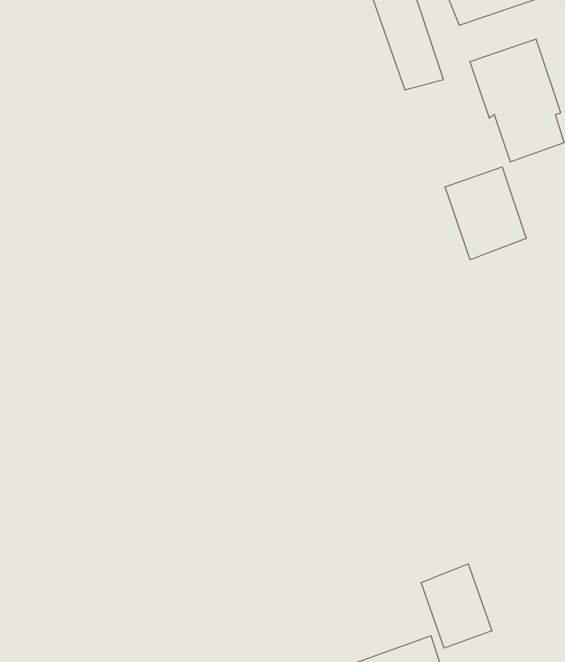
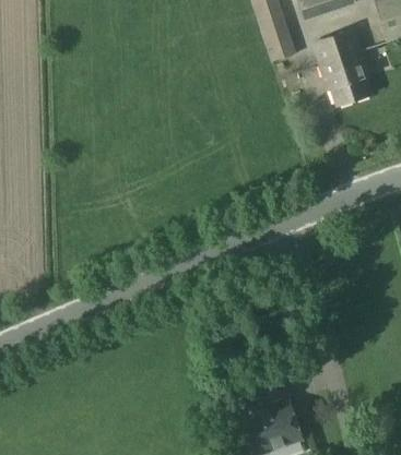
building: [445,167,526,260] -> none
building: [421,564,492,648] -> none

